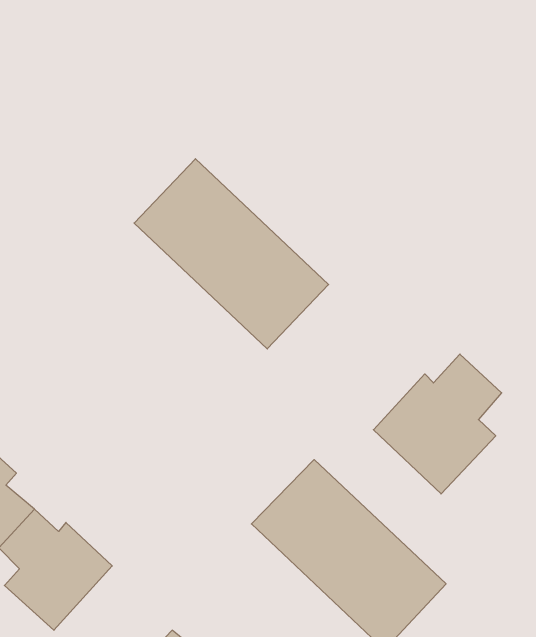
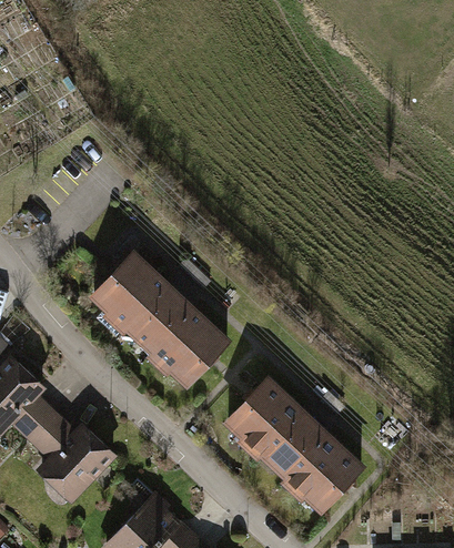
building: [134,159,329,349] -> [90,257,234,398]
building: [373,354,502,494] -> none

